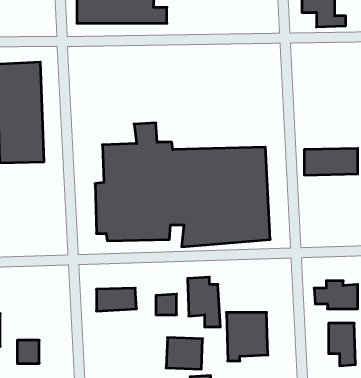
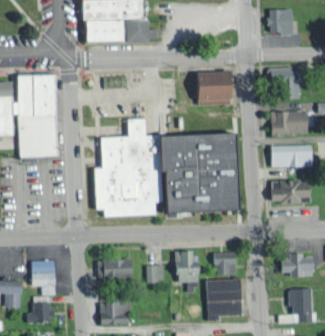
building: none -> [269,66,300,98]
building: none -> [194,70,233,105]
building: none -> [271,110,308,136]
building: none -> [271,179,309,202]
building: none -> [216,252,236,274]
building: none -> [32,260,60,295]
building: [166,338,203,369] -> [100,299,130,325]

